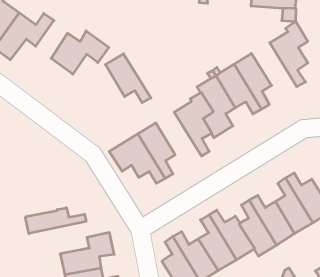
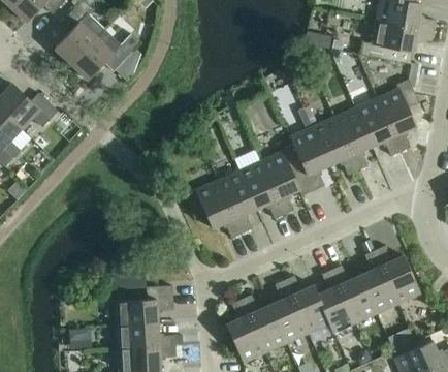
building: [51,31,109,74] -> none
building: none -> [354,98,399,156]
building: [105,54,151,103] -> [238,161,284,218]
building: [26,208,86,234] -> none

